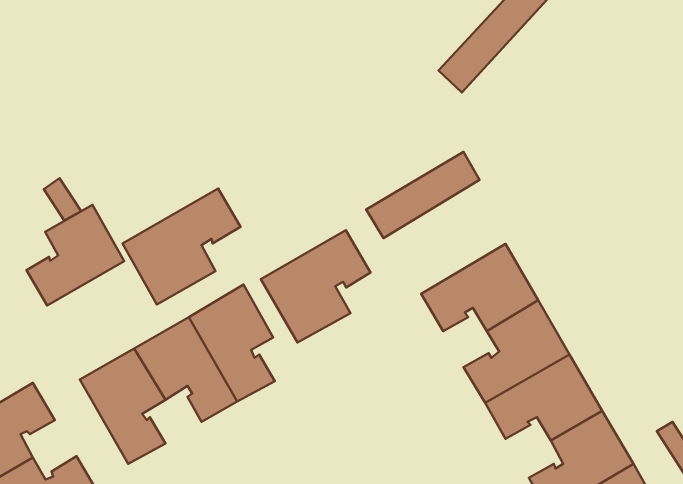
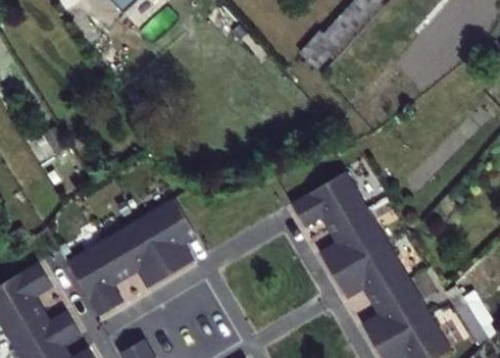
building: [366,152,480,238] -> none
building: [122,189,241,305] -> none
building: [26,205,124,306] -> none
building: [261,230,371,343] -> none

